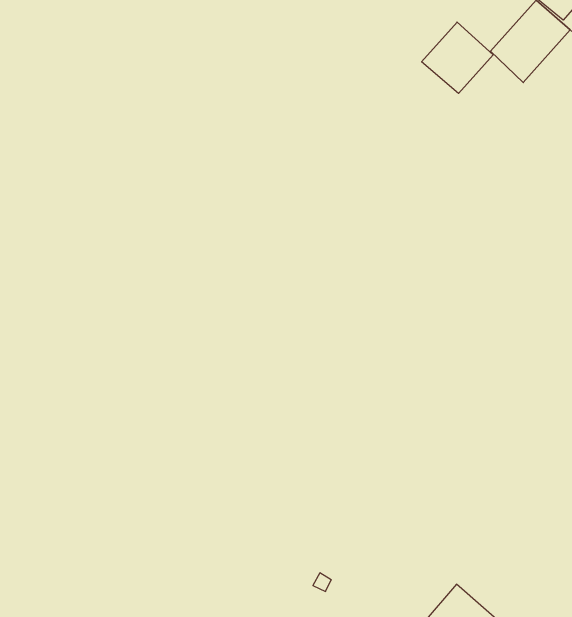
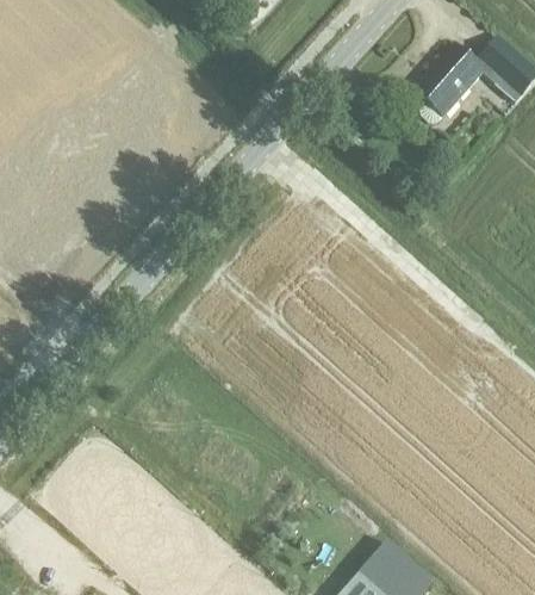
building: [422,22,493,93] -> none

